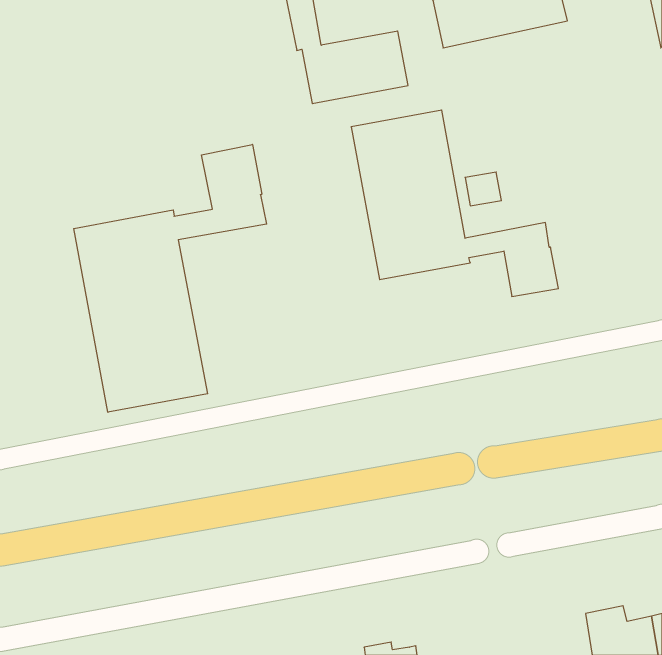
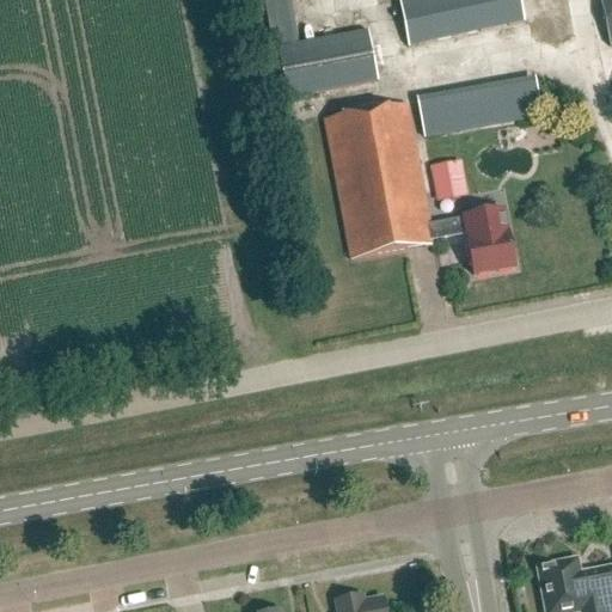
building: none -> [421,73,545,133]
building: [74,144,267,412] -> none

